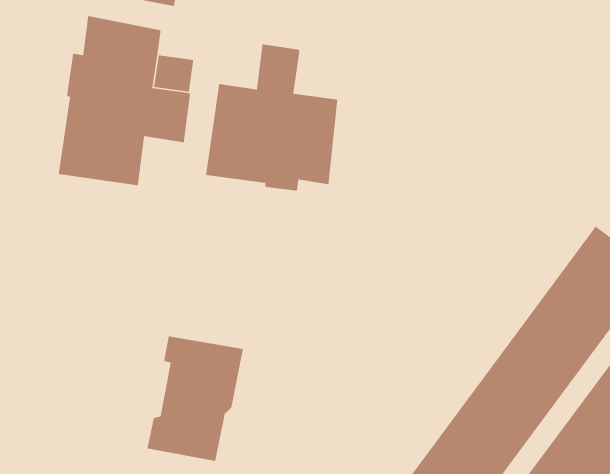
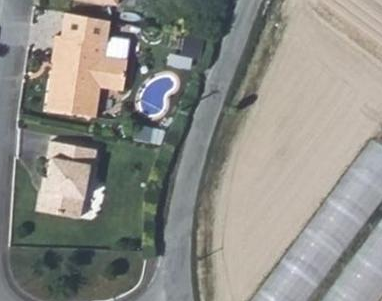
building: [205,43,338,192] -> none
building: [147,335,244,462] -> [36,139,95,216]

